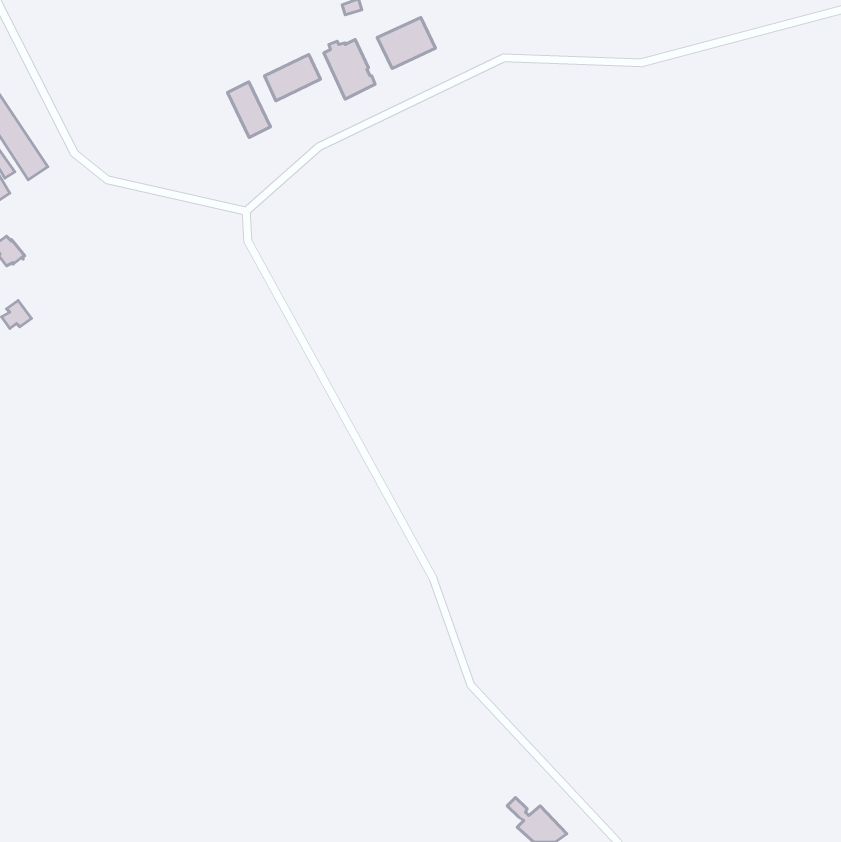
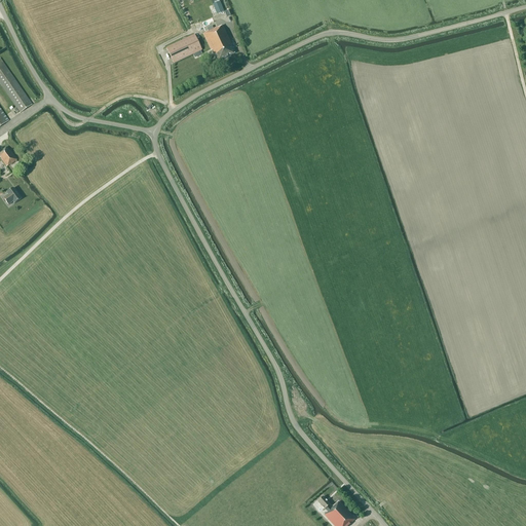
building: [377,17,436,68] -> none
building: [228,82,271,137] -> none

